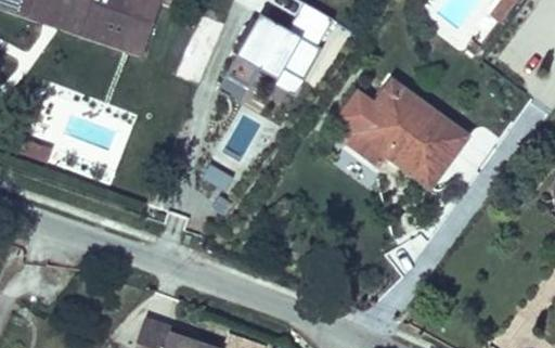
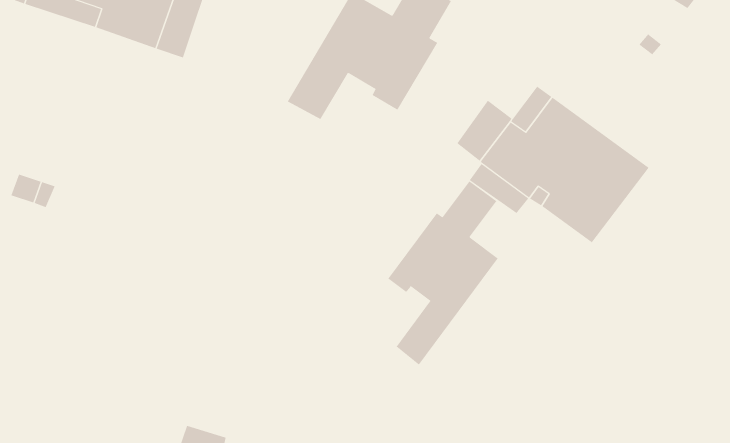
building: none -> [388,180,499,365]

